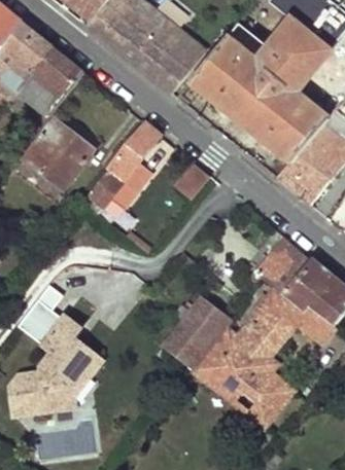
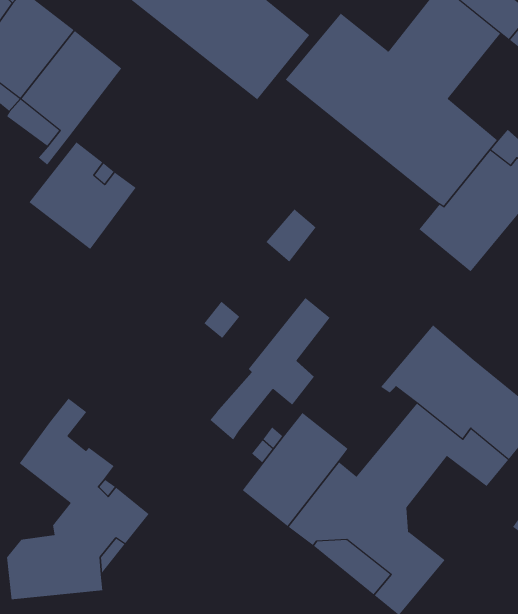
building: [83,120,162,213] -> [210,297,331,441]

